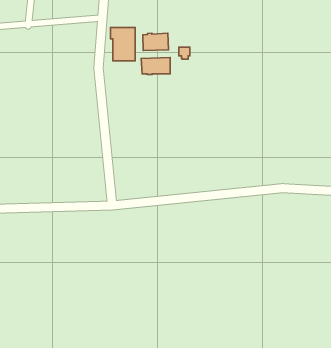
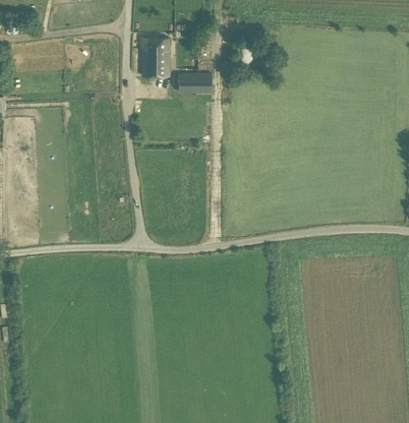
building: [143,33,169,50] -> none

